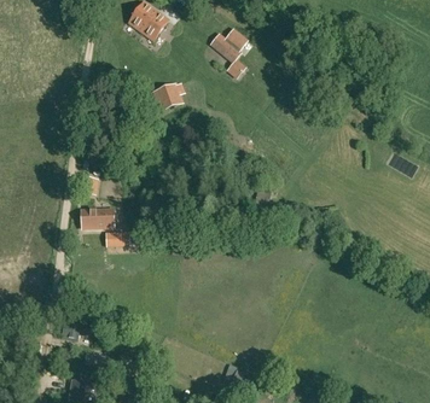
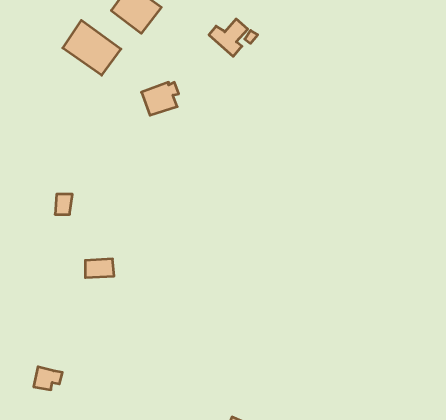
building: none -> [63,20,121,75]
building: [81,209,114,227] -> none

